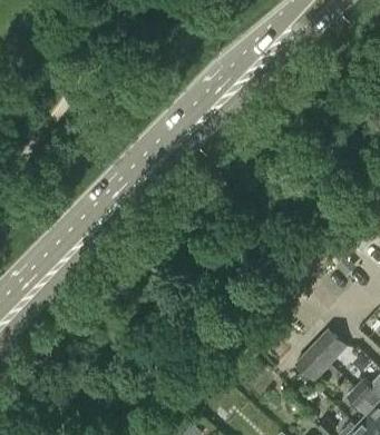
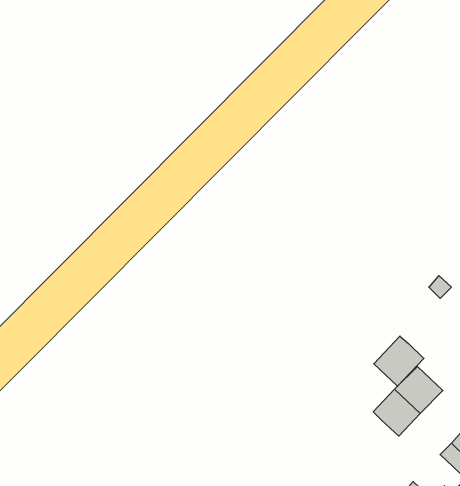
building: none -> [374,336,424,386]

